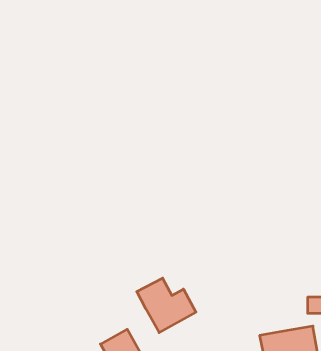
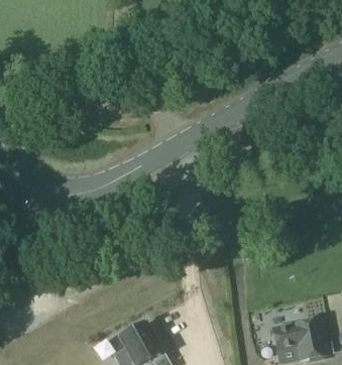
building: [137,278,196,333] -> none

